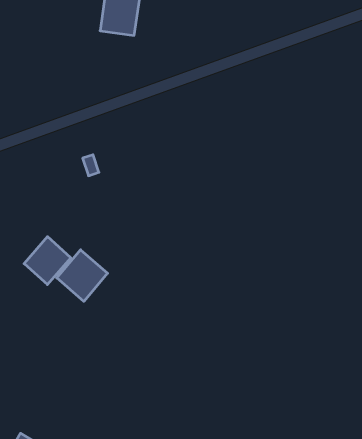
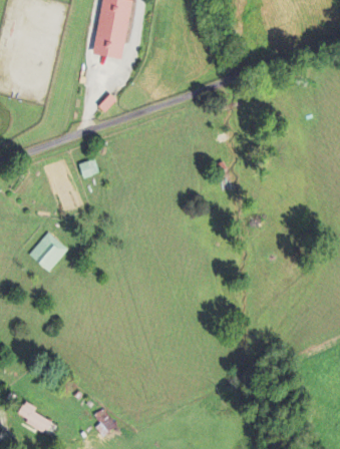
building: [57,250,108,301] -> none

